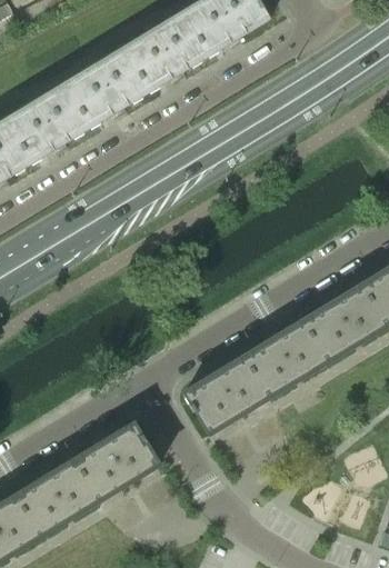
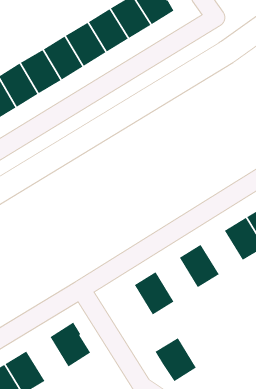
building: [301,302,356,360] -> none
building: [242,338,297,396] -> none
building: [182,373,238,432] -> [154,337,197,382]
building: [73,441,128,499] -> none

